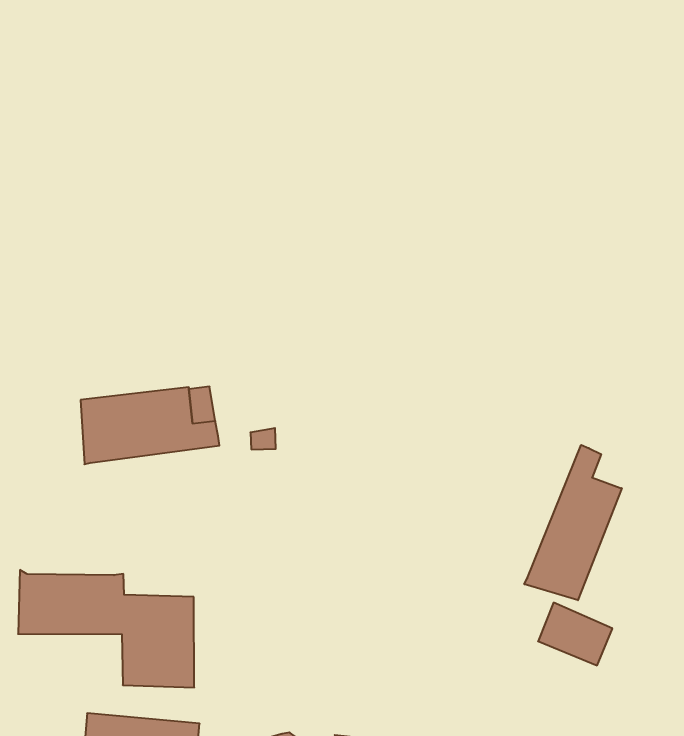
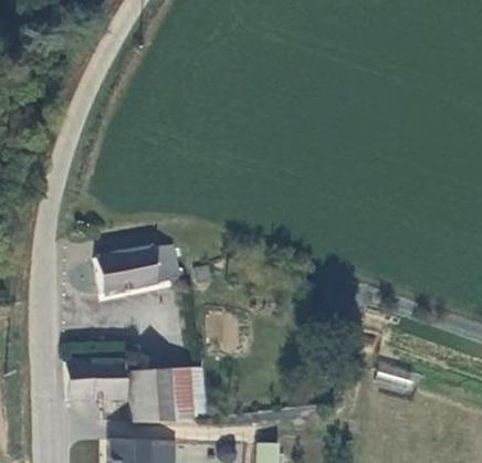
building: [524,445,622,600] -> none
building: none -> [169,366,203,421]

